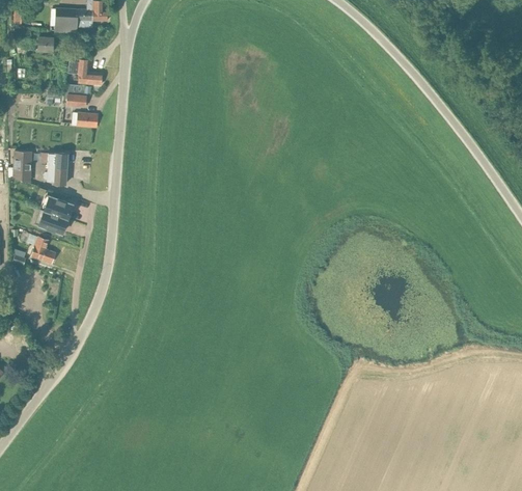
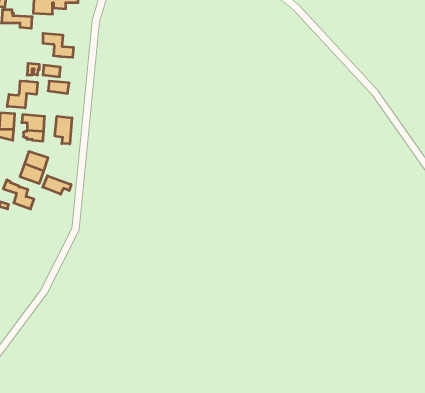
building: none -> [7,81,37,108]
building: none -> [55,116,72,144]
building: none -> [43,176,71,194]

